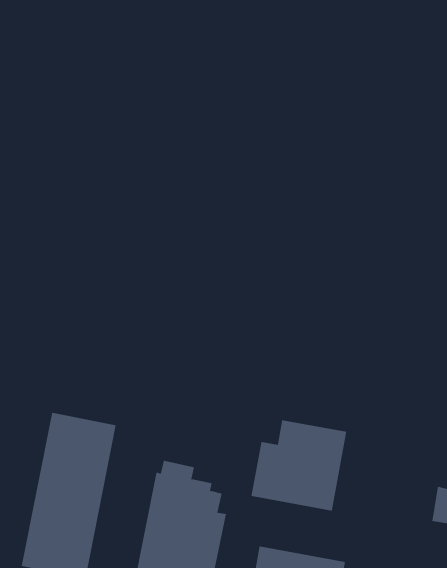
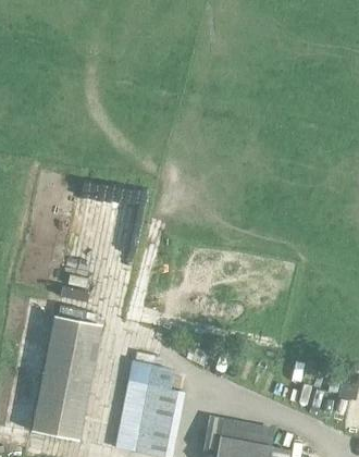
building: [251,420,347,512] -> none

